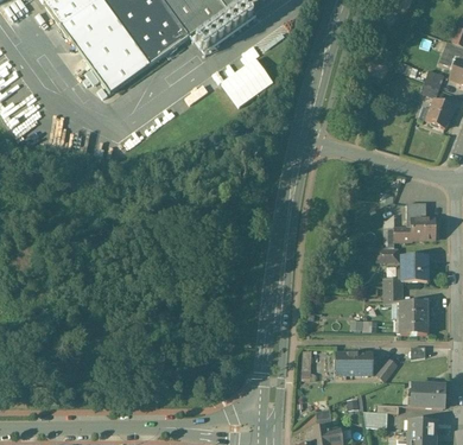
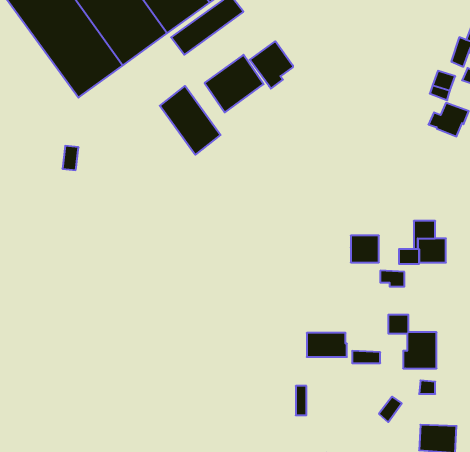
building: none -> [250,41,293,89]
building: none -> [160,86,221,155]
building: [401,255,426,279] -> [351,236,379,262]
building: [336,351,372,373] -> [307,333,347,357]

